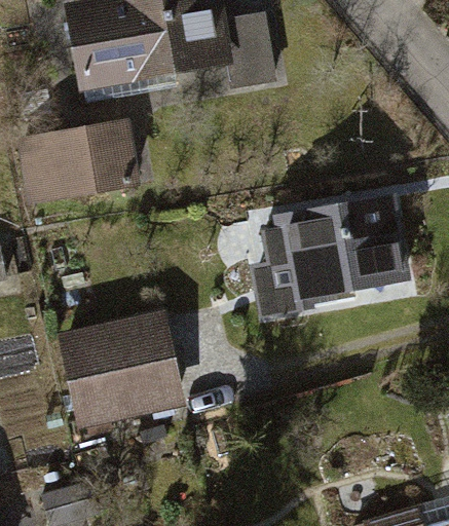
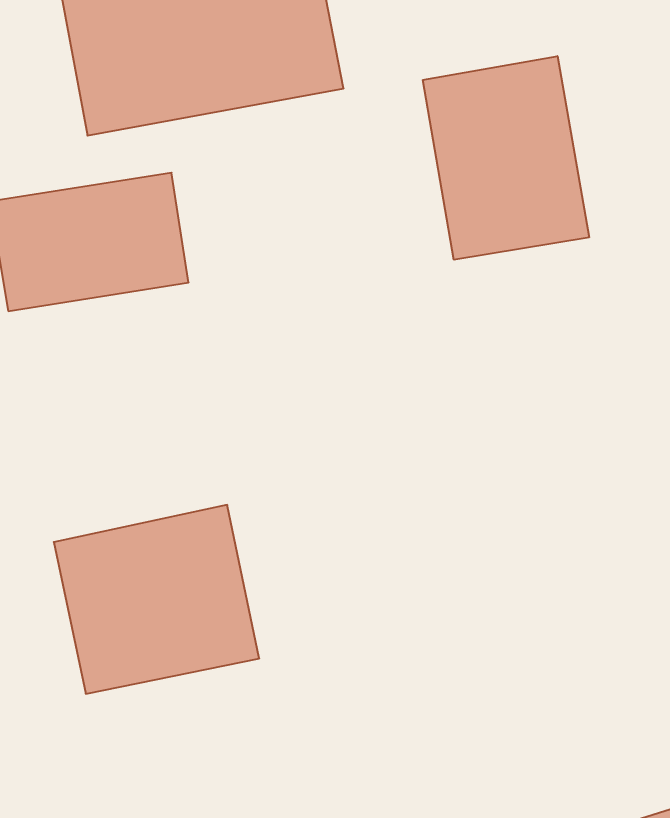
building: none -> [423,56,589,260]
building: [247,192,409,316] -> none

